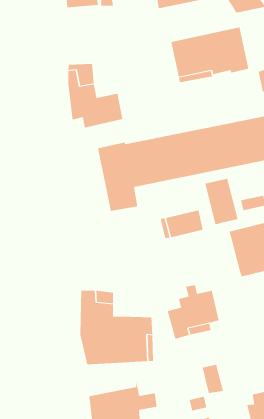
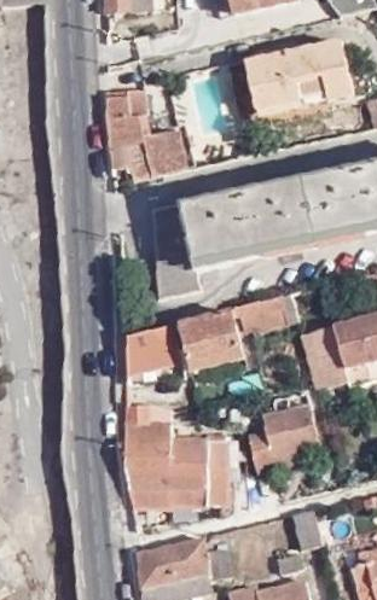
building: [204,178,238,225] -> [295,324,342,389]
building: none -> [123,313,240,375]

